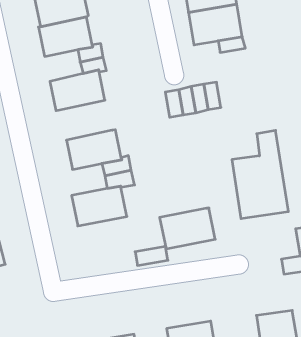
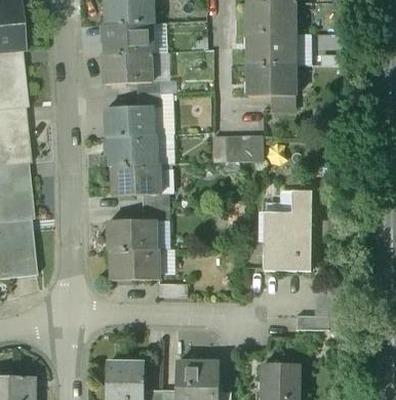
building: none -> [109,134,157,166]
building: [160,208,215,249] -> [111,248,160,280]

